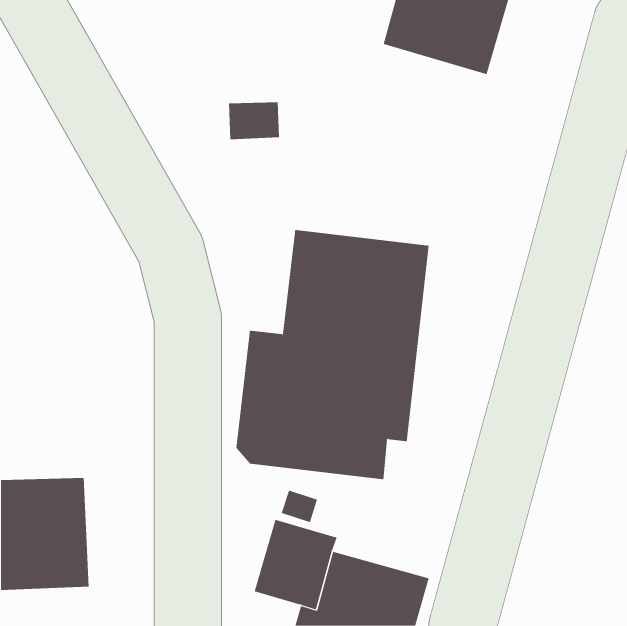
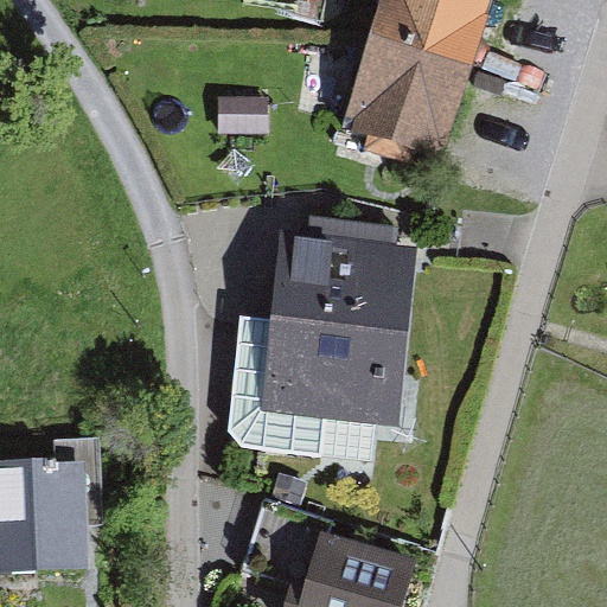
building: none -> [343,43,471,164]

